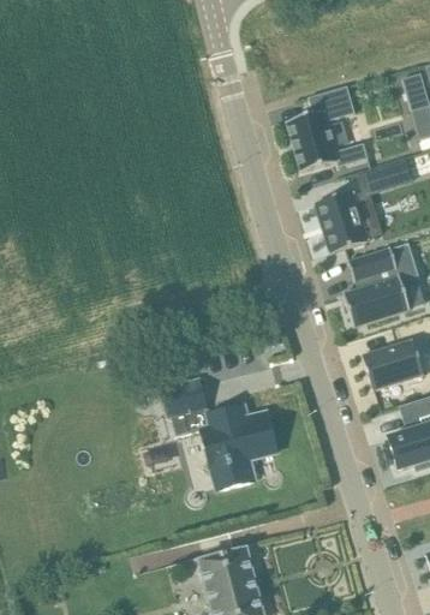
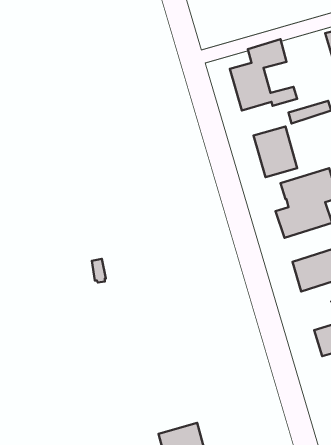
building: [161,377,277,490] -> none

